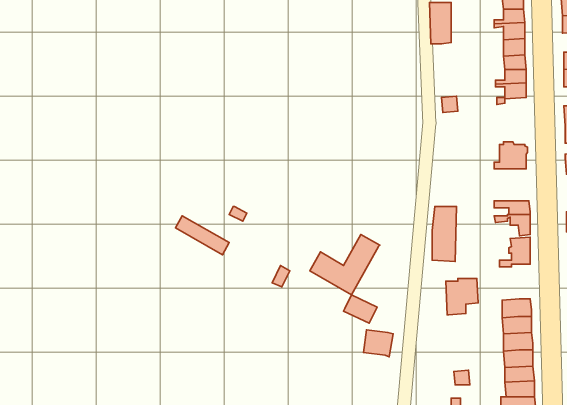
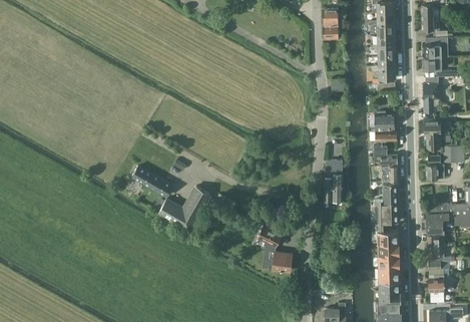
building: none -> [373,132,397,156]
building: [310,235,380,295] -> [158,187,210,232]
building: [446,279,478,315] -> [375,204,399,231]

